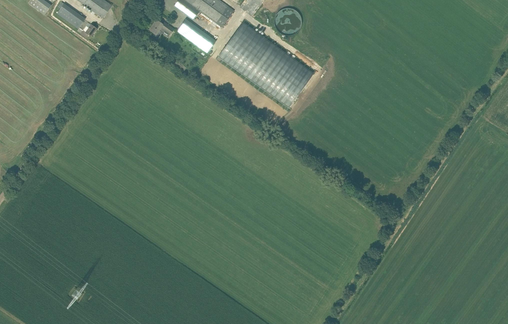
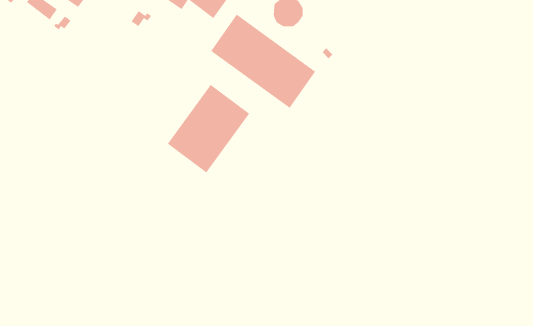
building: [177,19,216,53] -> none
building: none -> [167,84,250,173]

